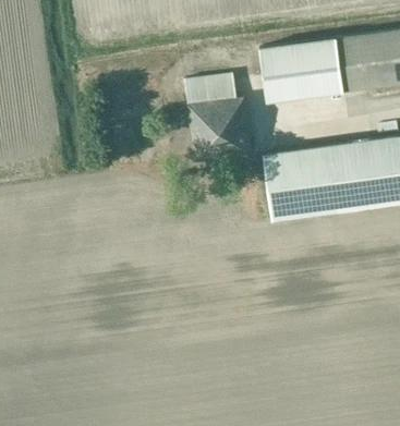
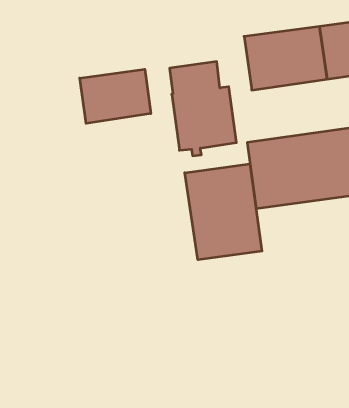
building: none -> [80,69,151,123]
building: none -> [185,164,262,260]

